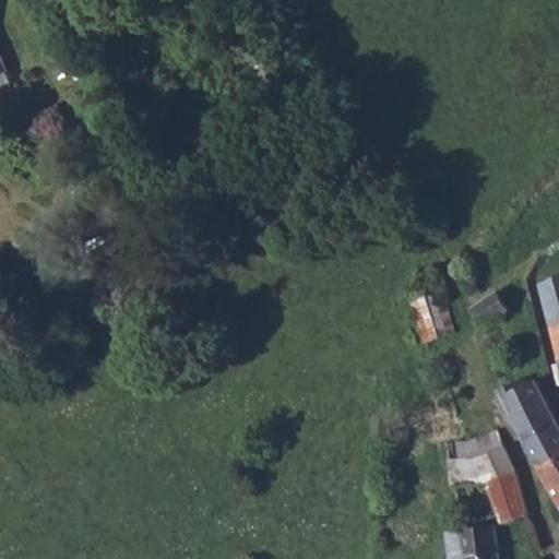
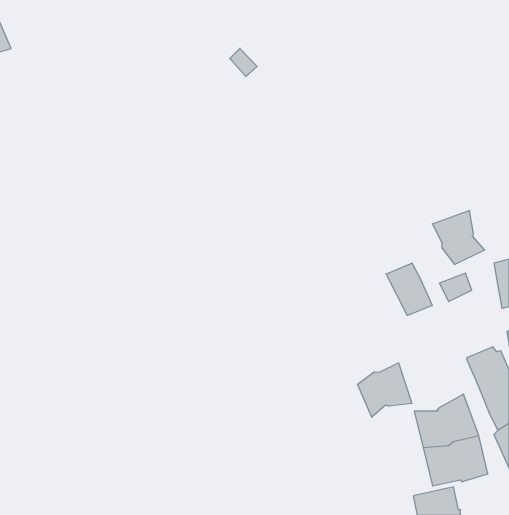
building: none -> [433,210,484,265]
building: none -> [358,363,412,417]

